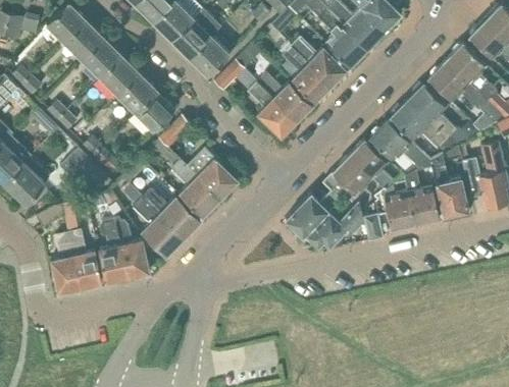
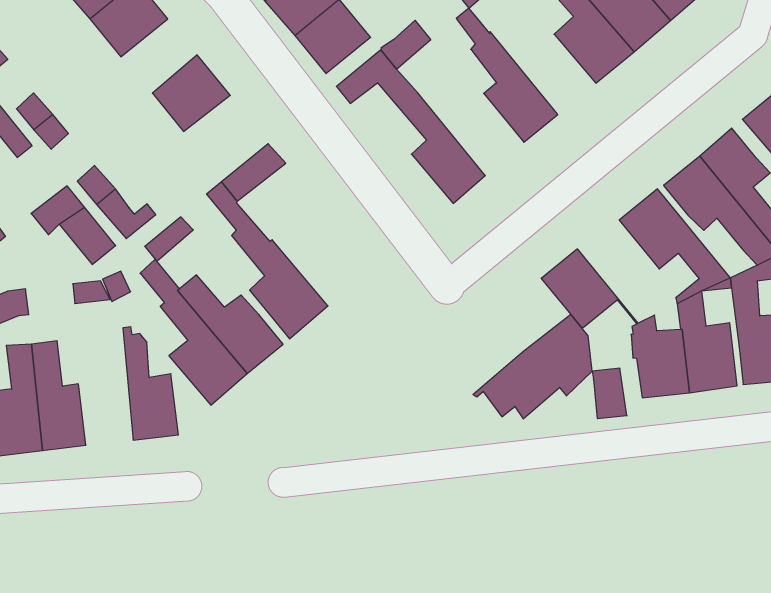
building: [292,38,347,86] -> none
building: [100,56,140,96] -> none
building: [257,73,313,121] -> none
building: [137,93,175,130] -> none
building: [349,140,395,190] -> none
building: [189,149,238,198] -> none
building: [286,172,349,236] -> none
building: [99,220,126,282] -> none

